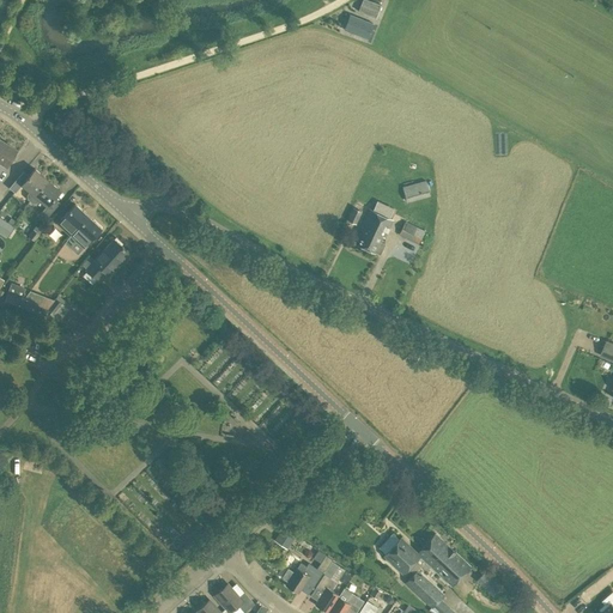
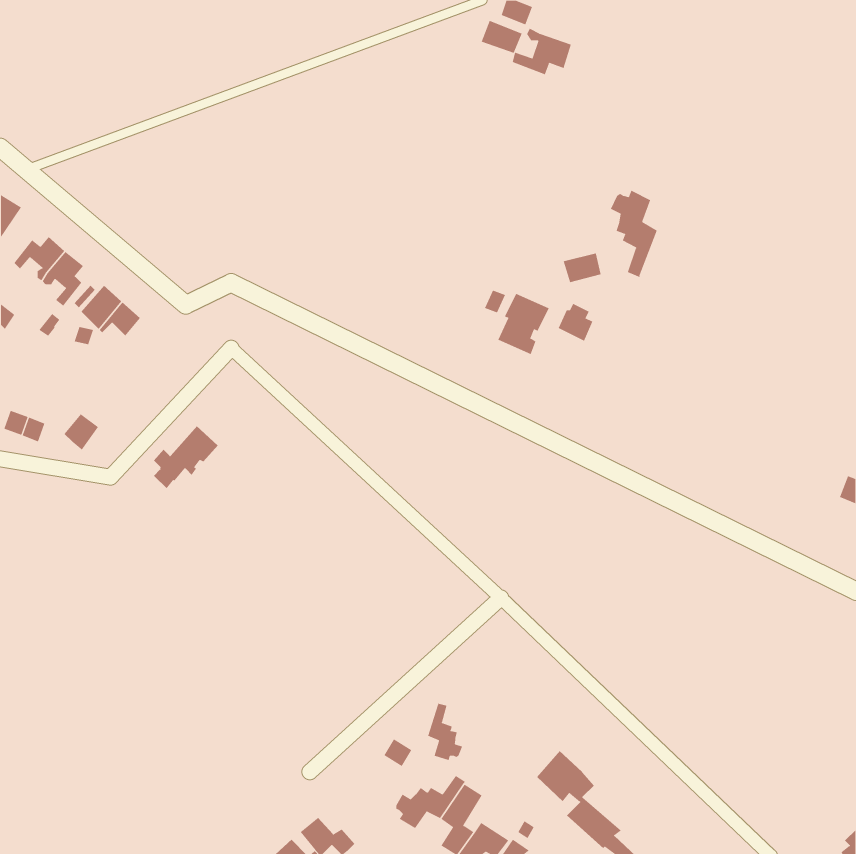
building: none -> [512,28,571,75]
building: none -> [610,190,657,278]
building: [83,241,129,286] -> [153,425,219,489]
building: none -> [428,703,463,761]
building: [417,534,471,587] -> none

